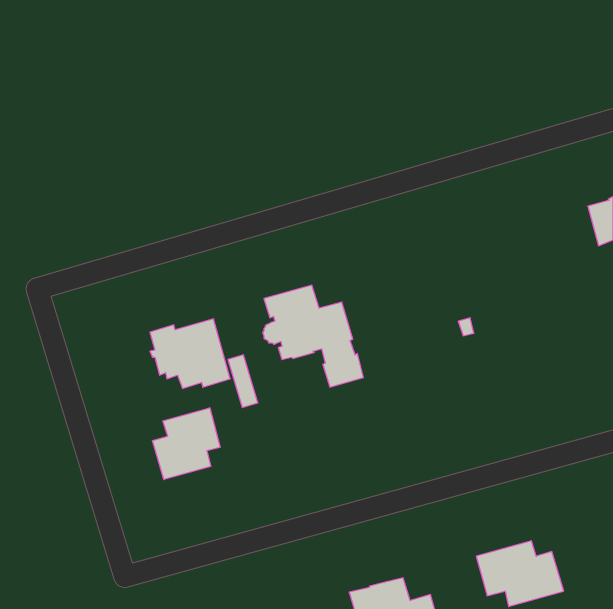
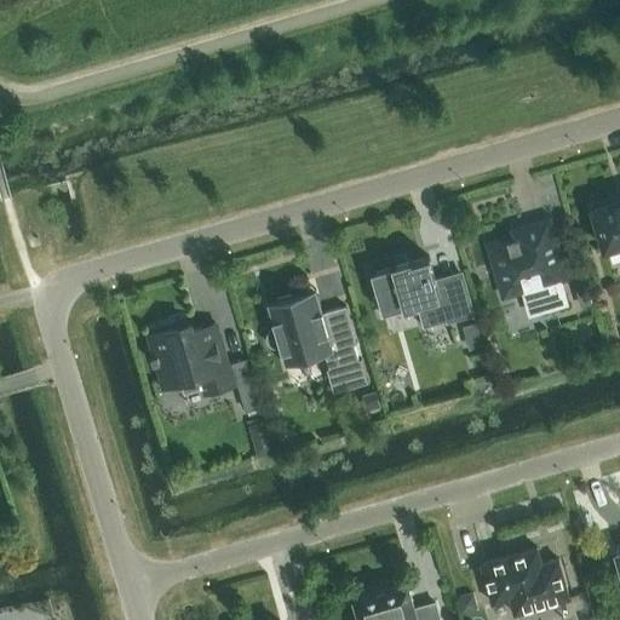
building: none -> [492,225,566,316]
building: none -> [371,259,472,331]
building: [152,408,220,480] -> none

